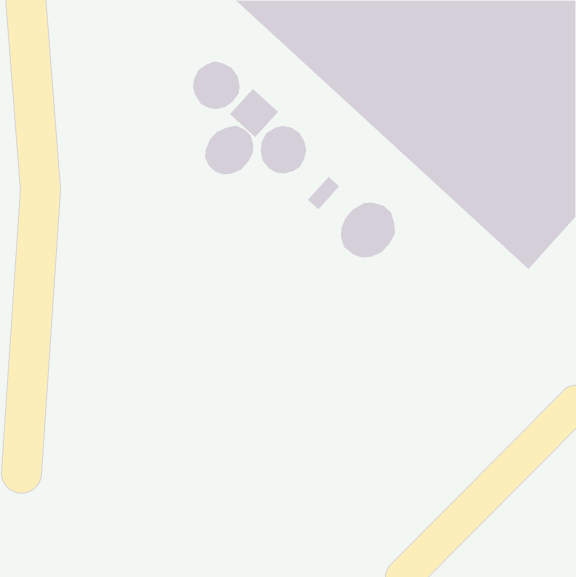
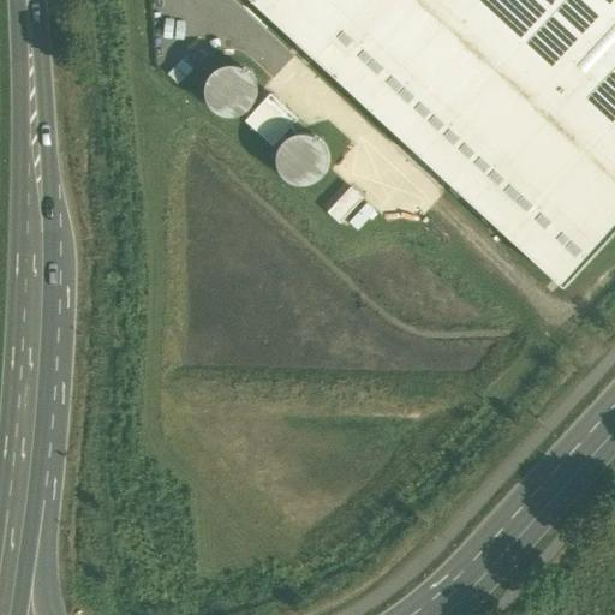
building: [205,125,254,175] -> none
building: [341,202,396,258] -> none

